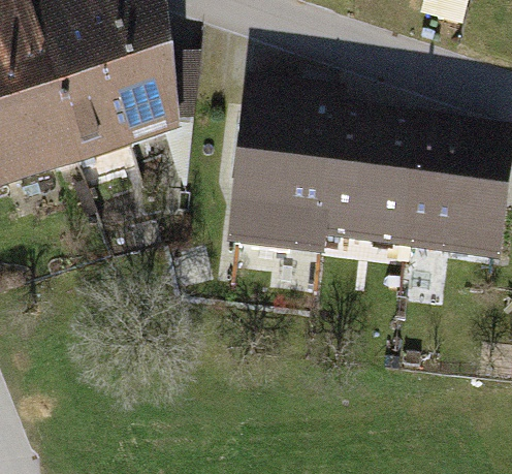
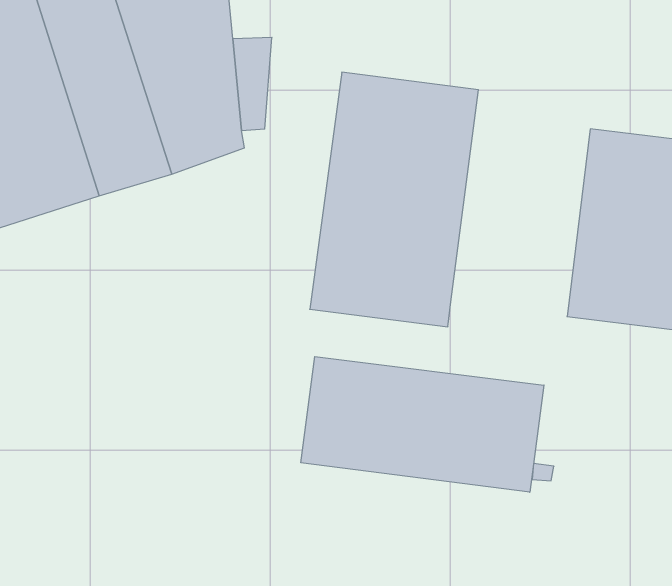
building: [323,104,422,249] -> none
building: none -> [301,357,544,492]

